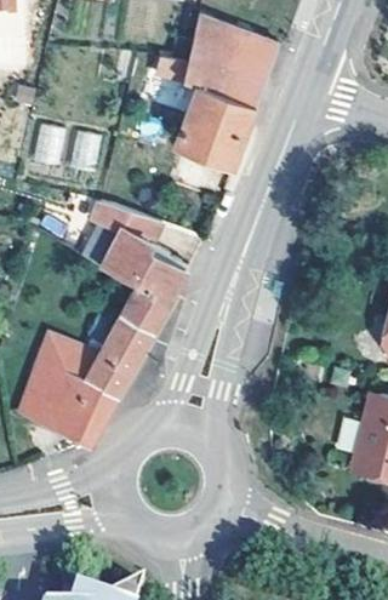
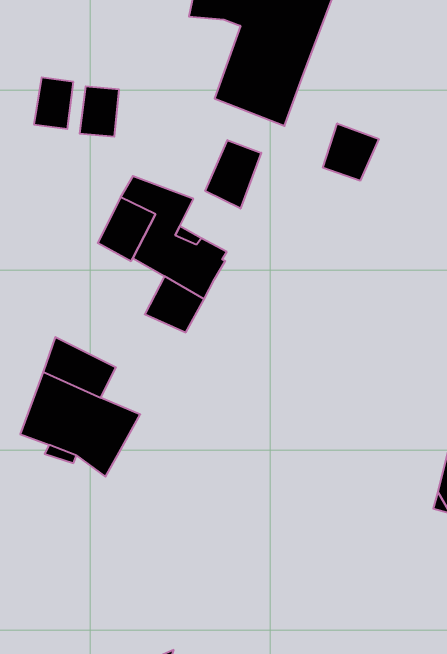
building: none -> [323,123,379,181]
building: none -> [205,140,261,209]
building: [86,313,154,393] -> none

